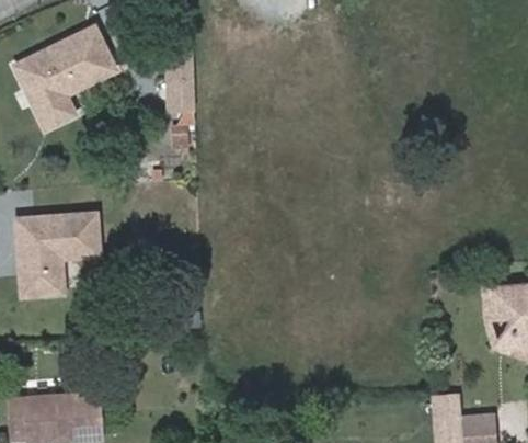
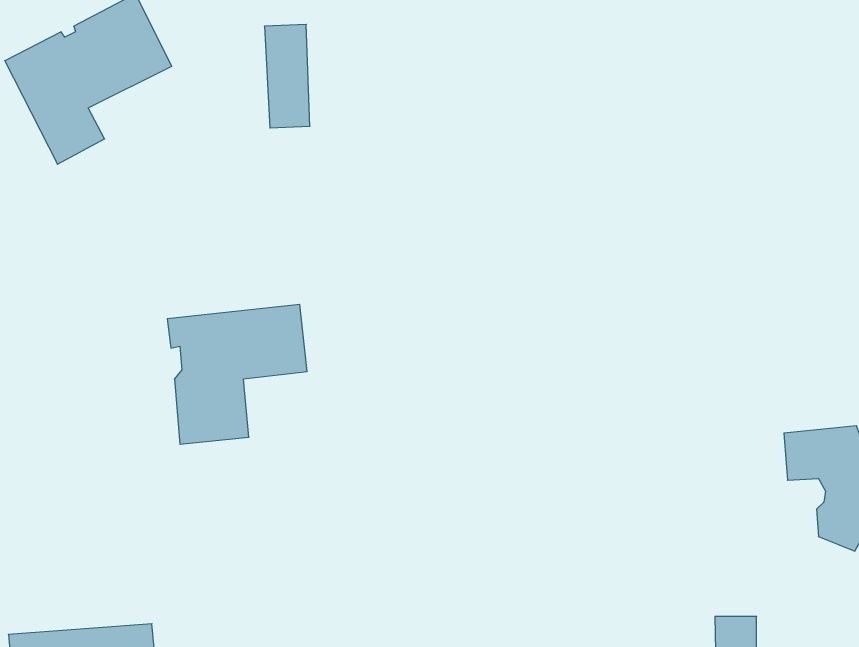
building: [13,211,97,295] -> [167,304,307,444]

